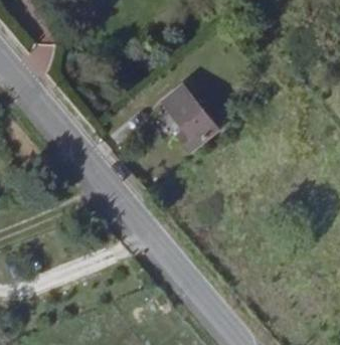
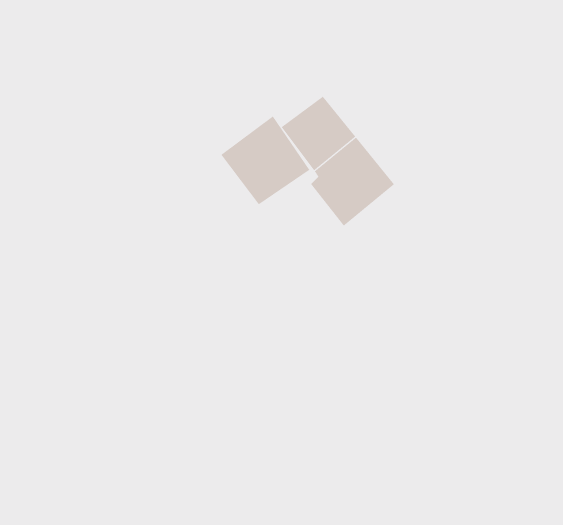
building: none -> [221,115,310,205]

